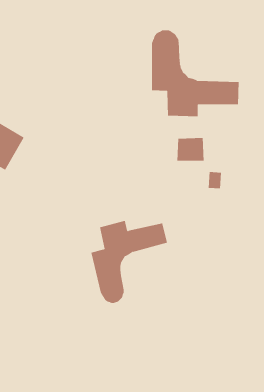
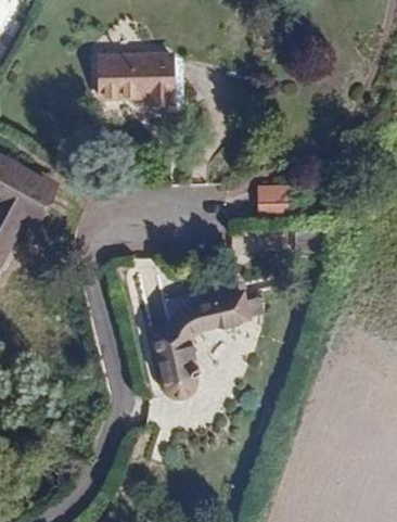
building: [151,29,239,117] -> none
building: none -> [99,56,171,105]

